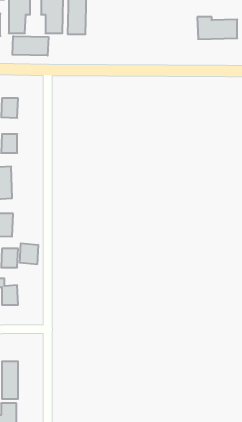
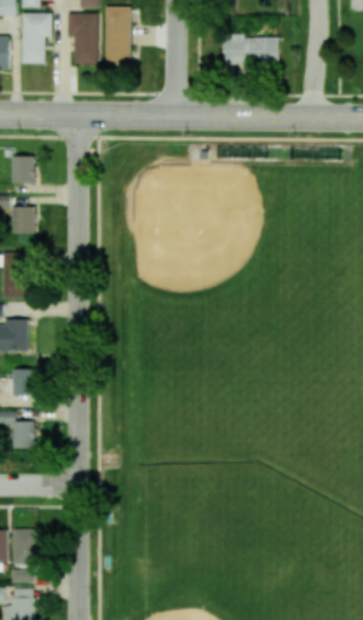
building: [197,17,237,39] -> [221,34,278,65]
building: [12,36,48,56] -> none
building: [20,243,38,264] -> none

